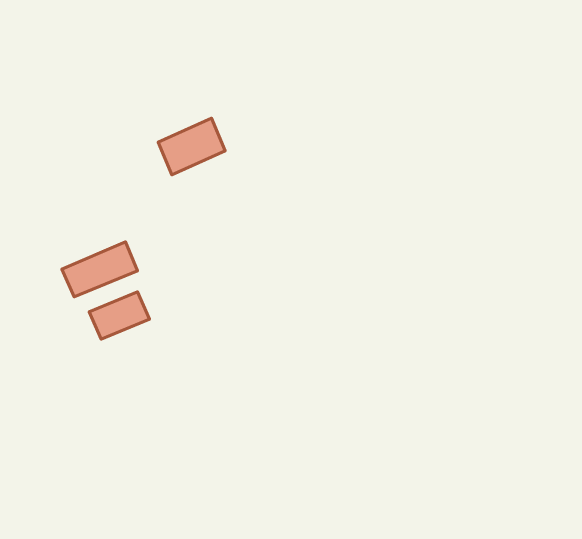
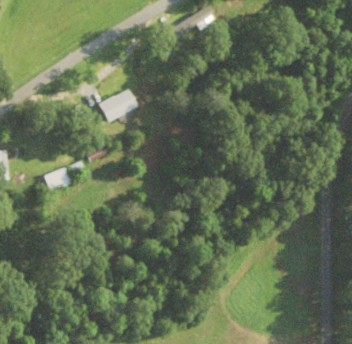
building: [89,292,150,339] -> none

